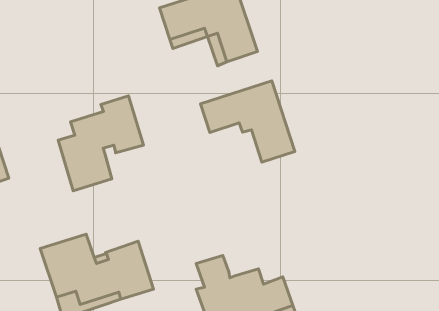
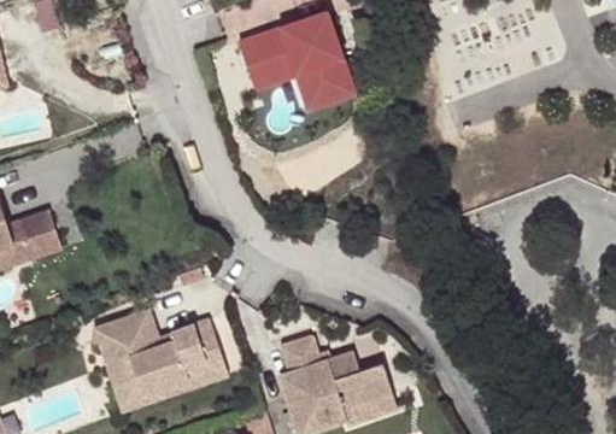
building: [201,81,295,162] -> none
building: [58,96,144,191] -> none

